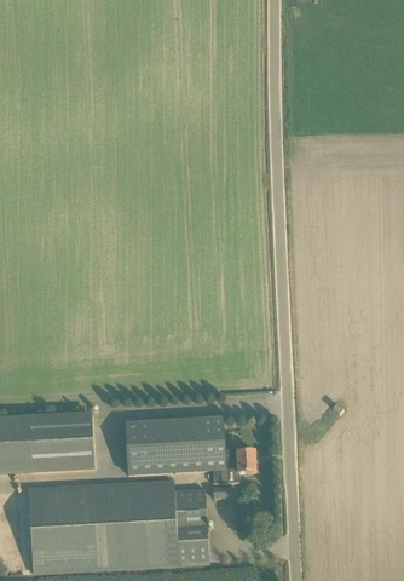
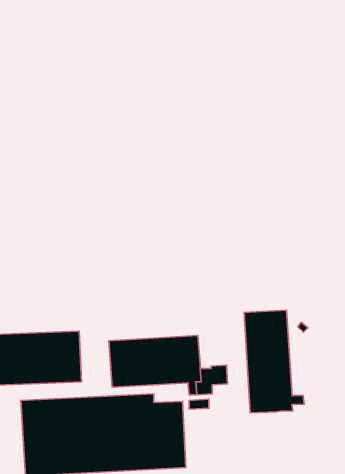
building: none -> [244,310,304,413]

